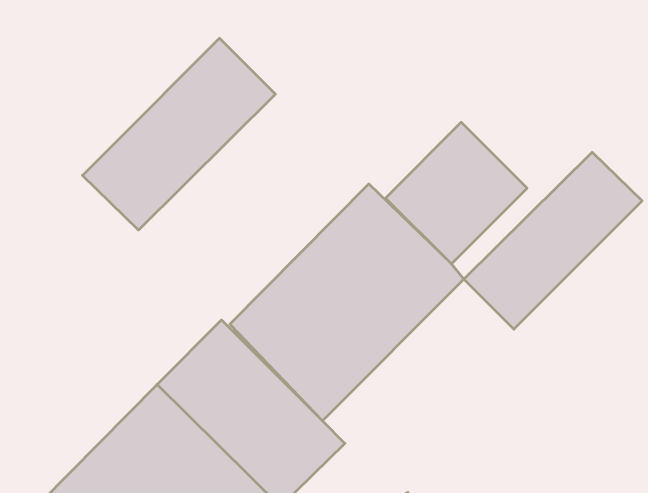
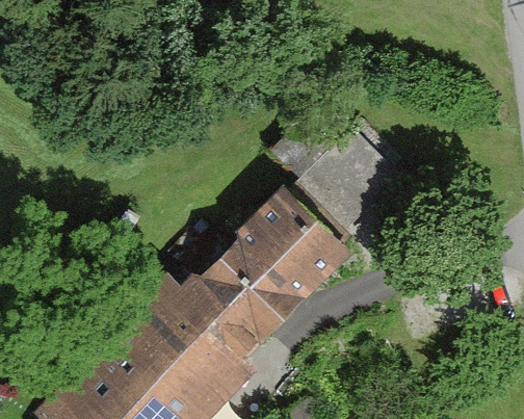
building: [82,38,275,230] -> none
building: [464,152,642,329] -> none

